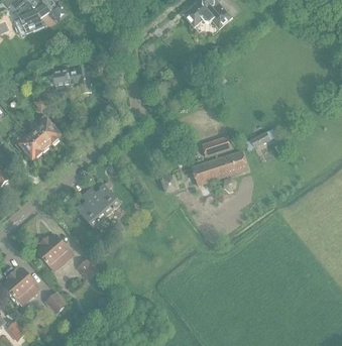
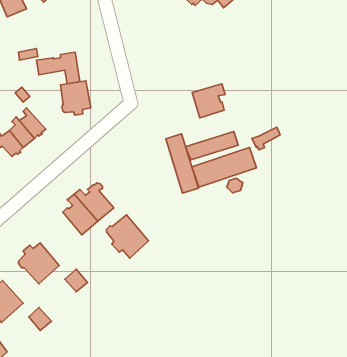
building: none -> [60,81,91,115]
building: none -> [192,84,225,118]
building: none -> [166,134,198,193]
building: none -> [106,215,149,258]

